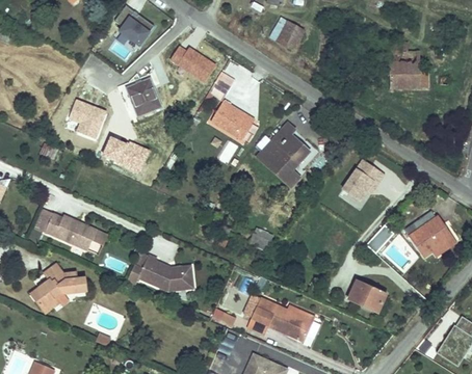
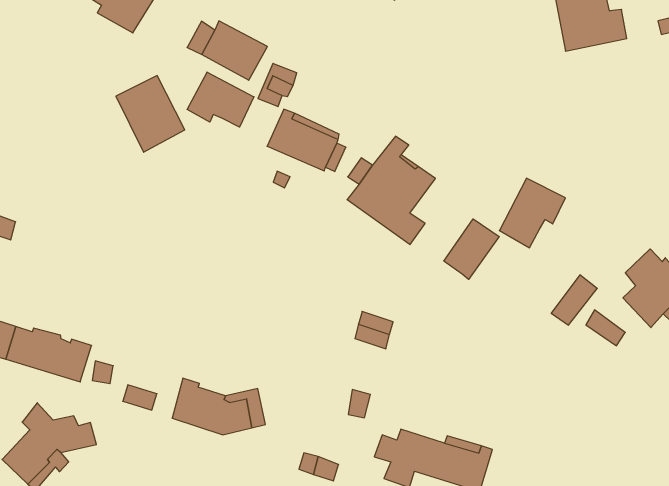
building: none -> [187,72,254,127]
building: [69,99,107,138] -> none
building: [101,135,150,173] -> none
building: none -> [444,219,499,279]
building: [349,283,388,314] -> none

